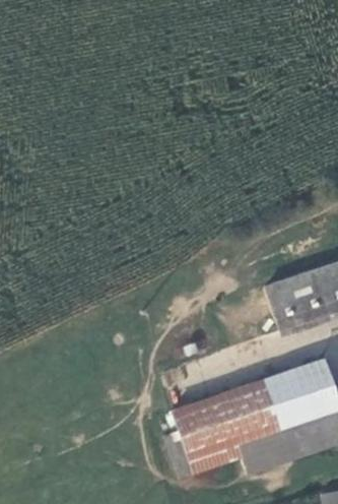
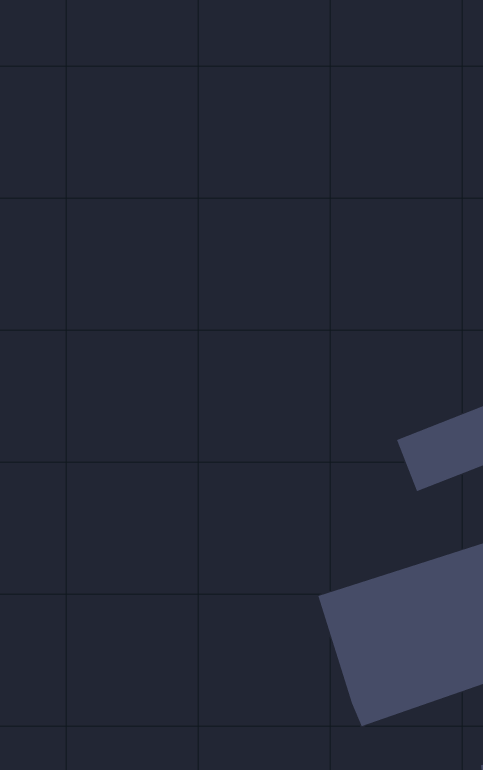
building: [165,391,242,478] -> none

